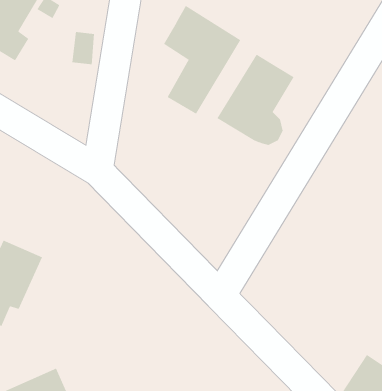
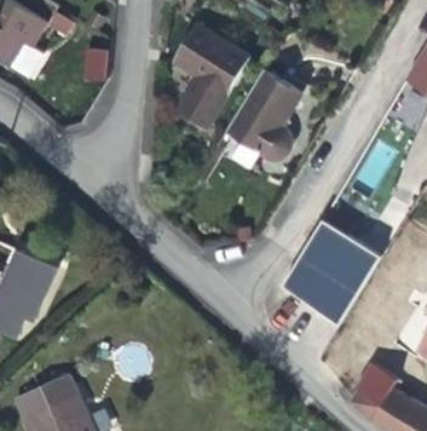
building: none -> [277,219,379,323]

